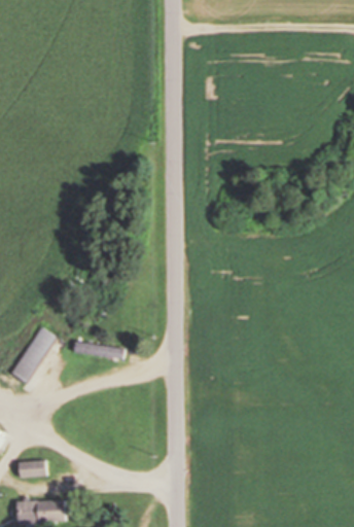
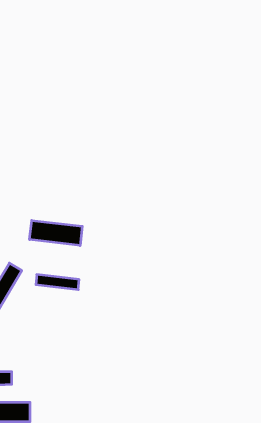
building: none -> [30,220,82,246]

